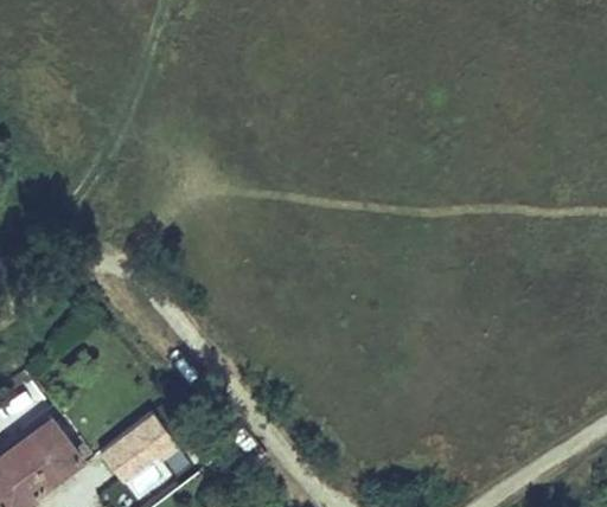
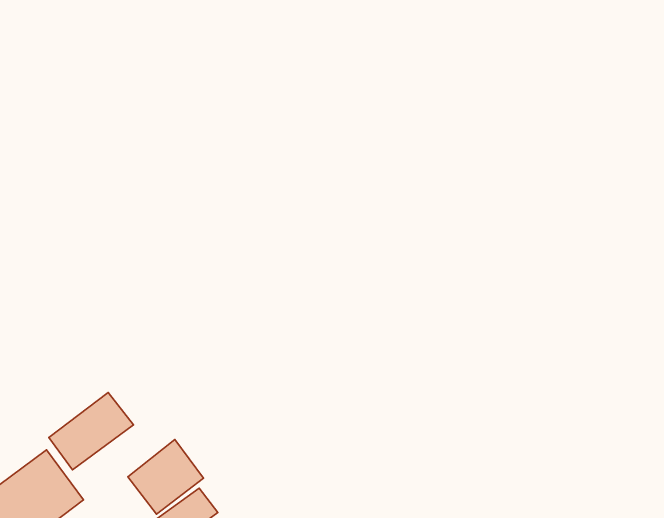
building: none -> [49,393,133,470]

